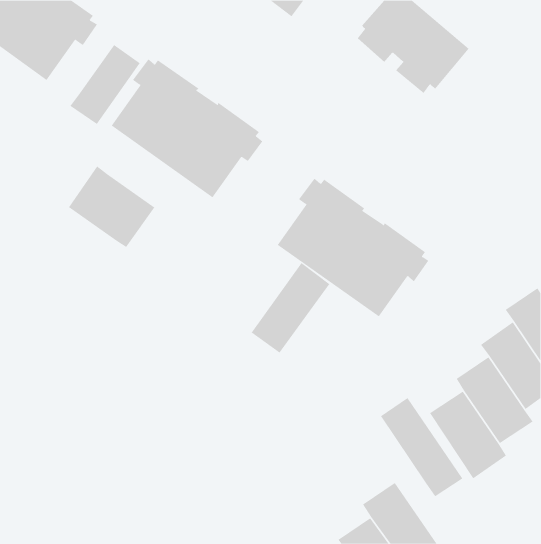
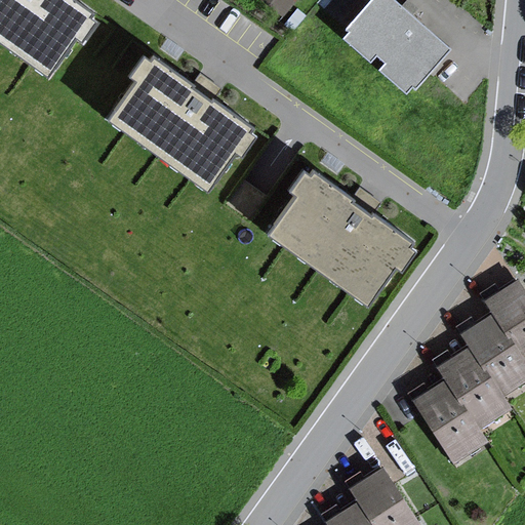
building: [70,44,140,125] -> none
building: [68,165,155,248] -> none
building: [251,262,330,353] -> none
building: [380,397,463,497] -> none

